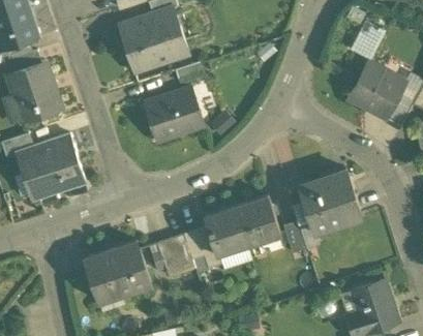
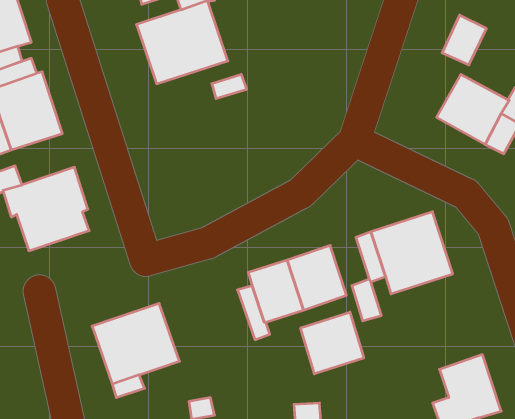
building: [145,87,206,142] -> none
building: [158,234,195,277] -> none
building: none -> [301,312,364,374]

